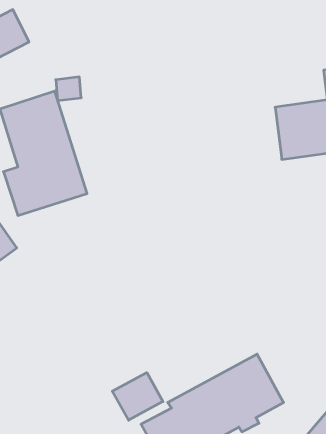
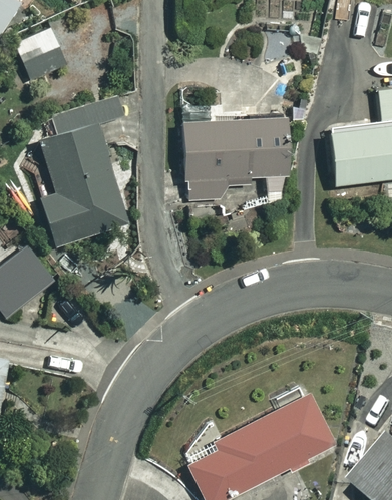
building: none -> [180,112,287,203]
building: [112,373,163,420] -> none

